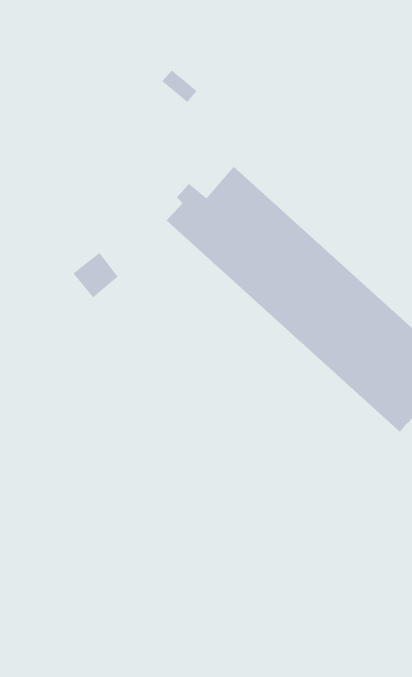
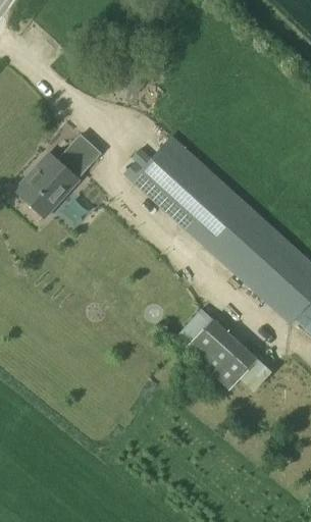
building: none -> [14,135,102,218]
building: none -> [184,317,258,390]

